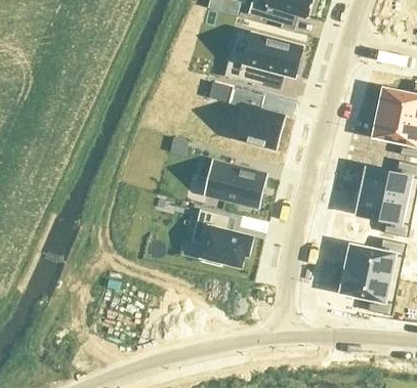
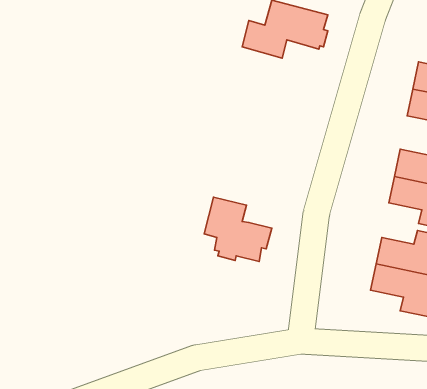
building: [225,86,281,146] -> none
building: [203,161,263,205] -> none

